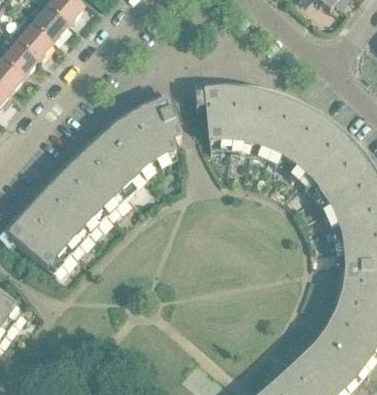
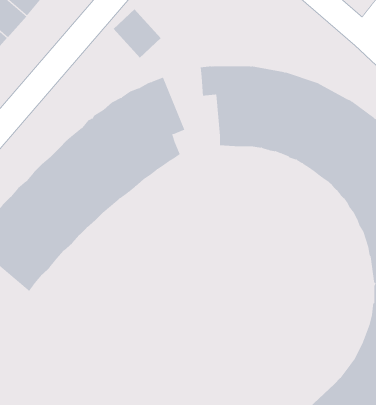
building: none -> [113,8,161,59]

